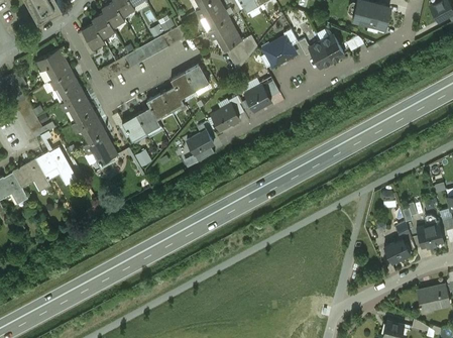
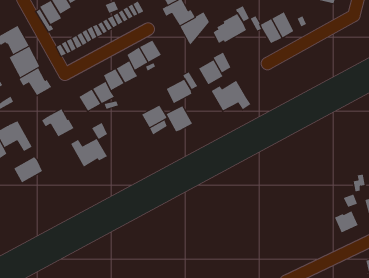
building: none -> [211,80,251,111]
building: [73,114,106,143] -> none
building: none -> [166,105,193,132]
building: none -> [71,138,108,167]
building: none -> [14,157,43,183]

